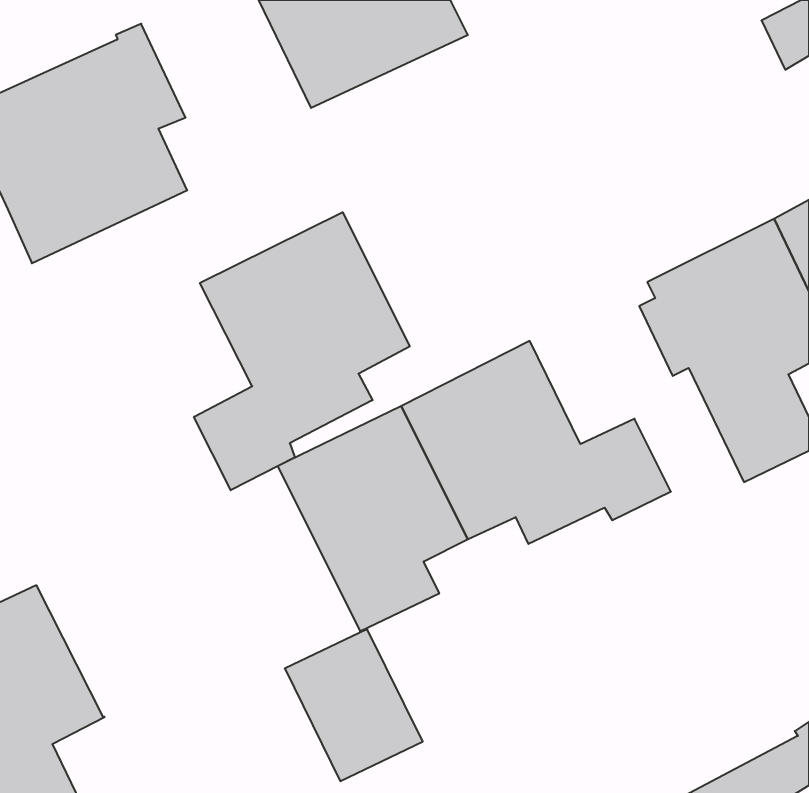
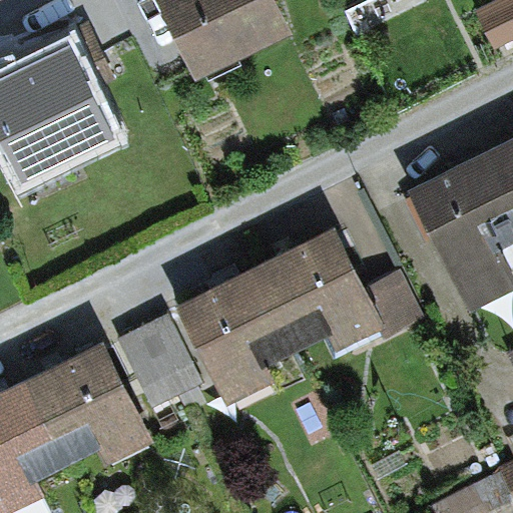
building: [194,212,410,490] -> none
building: none -> [23,340,155,466]
building: [285,629,423,781] -> [117,318,204,414]

